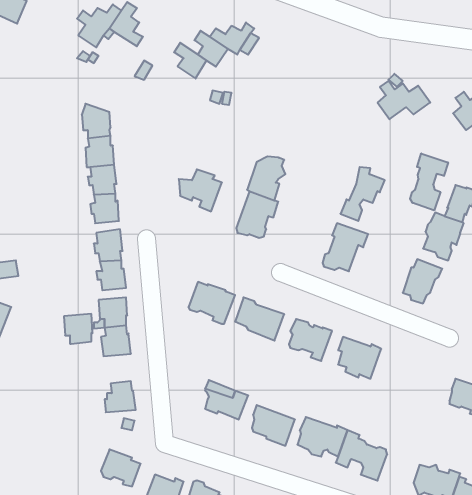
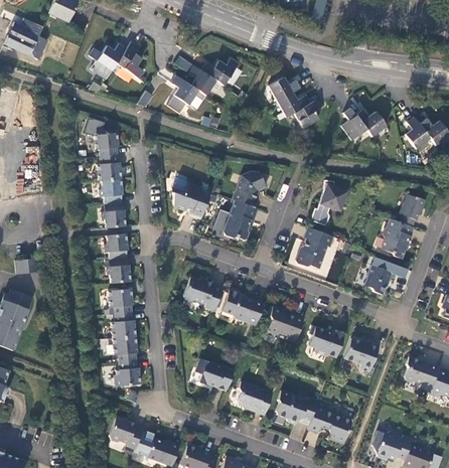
building: none -> [269,75,322,127]
building: [410,153,448,210] -> none
building: [64,314,93,344] -> [112,336,136,361]
building: none -> [344,336,381,372]

